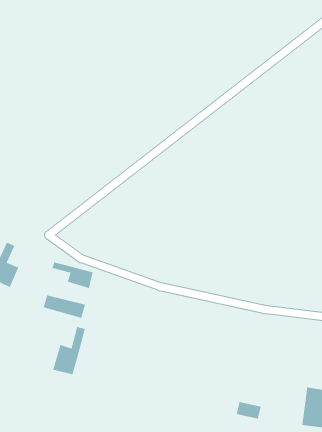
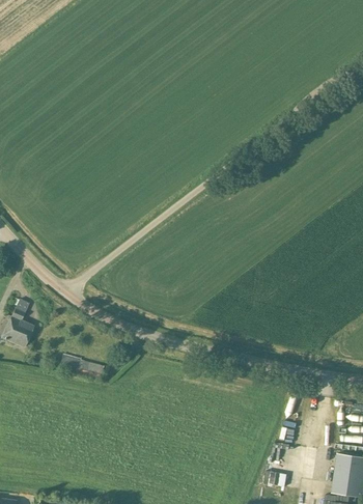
building: [52,261,93,289] -> none
building: [53,326,85,375] -> none

